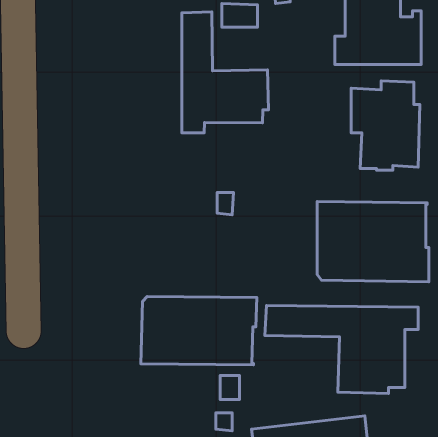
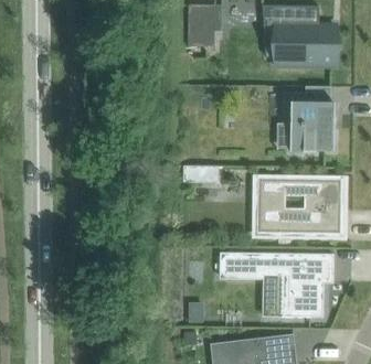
building: [182,12,269,133] -> none
building: [141,296,257,365] -> none

